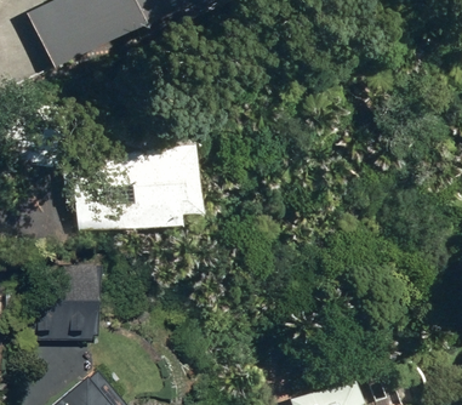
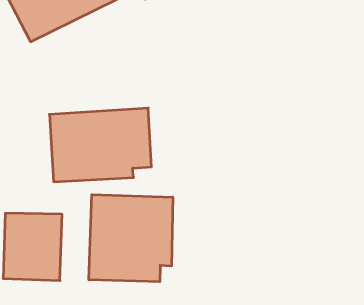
building: none -> [89,195,173,282]

